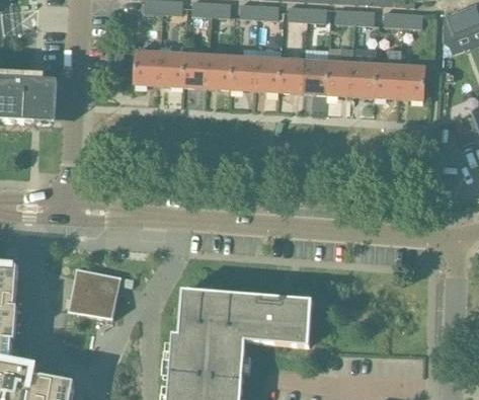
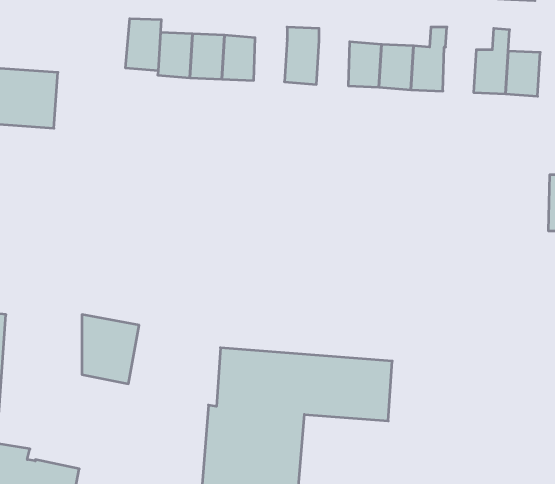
building: none -> [126,19,161,71]
building: [254,49,281,92] -> none
building: [207,56,232,89] -> none
building: [350,63,376,97] -> none

